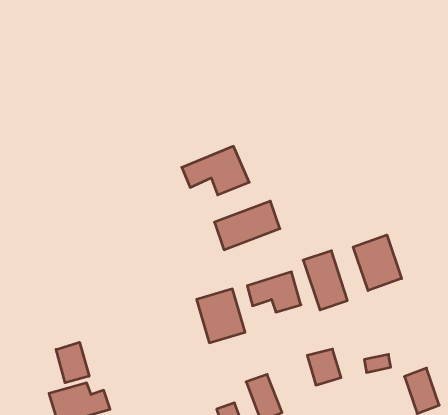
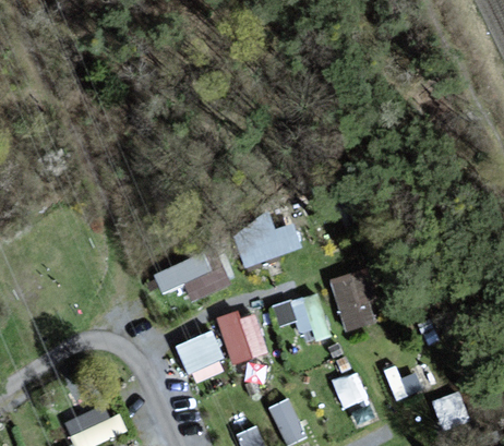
building: [182,146,249,195] -> [154,251,224,301]
building: [353,235,402,291] -> none
building: none -> [177,329,226,377]
building: [56,342,89,383] -> none

